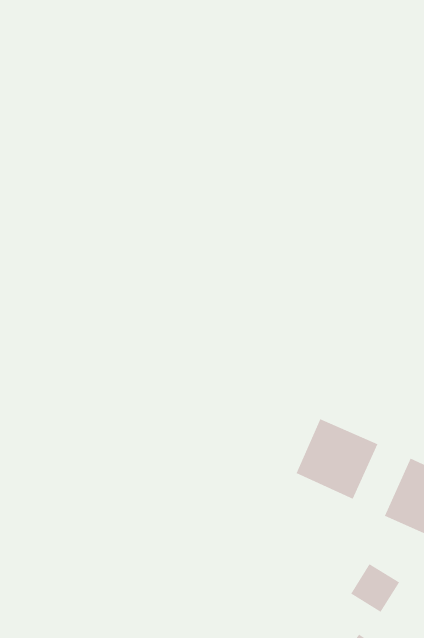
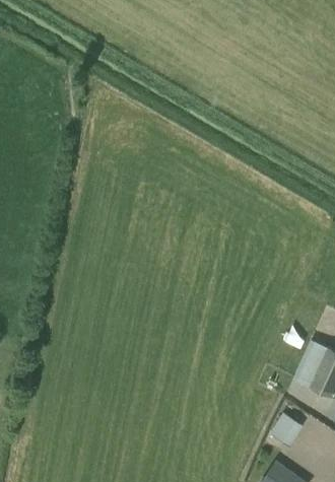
building: [295,418,379,500] -> none

